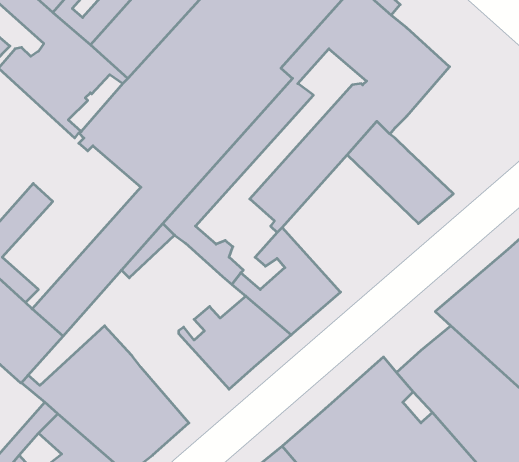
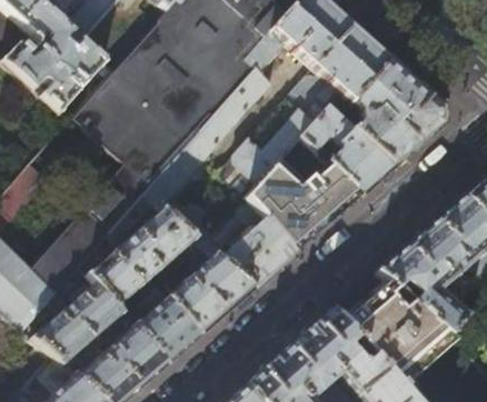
building: none -> [351,62,443,171]
building: none -> [245,138,361,255]
building: none -> [86,213,193,310]
building: none -> [123,291,199,368]

